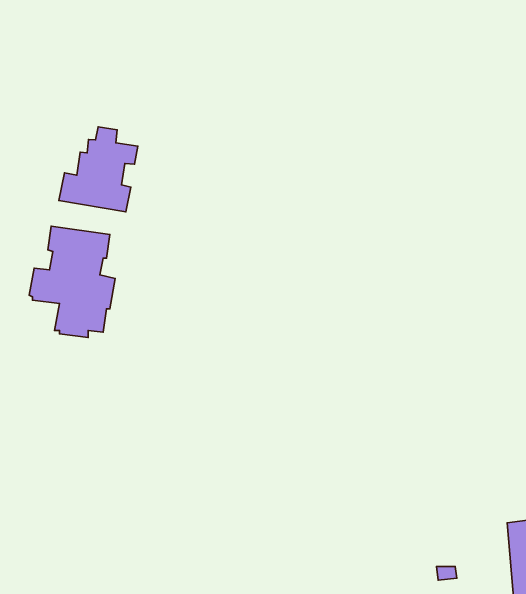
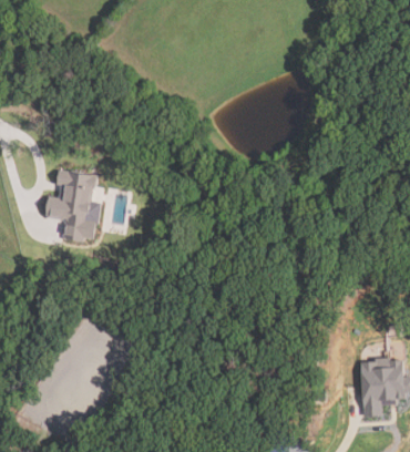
building: [59,127,138,212] -> none

